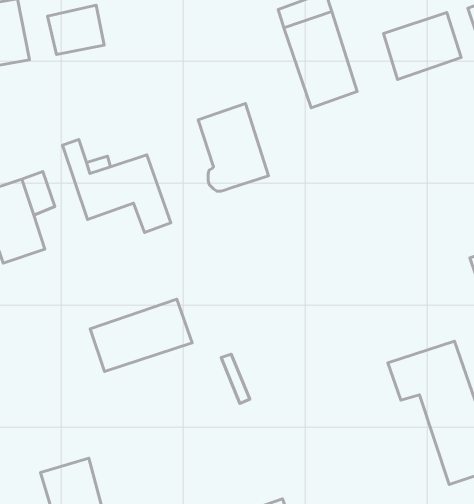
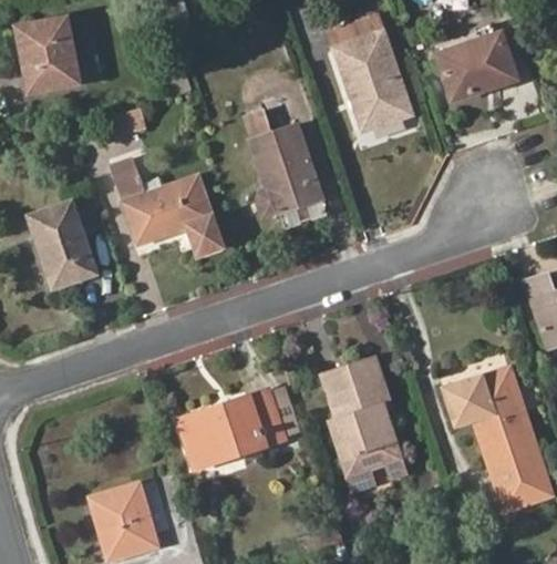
building: [47,5,104,55] -> none
building: [90,299,192,371] -> [180,393,283,466]
building: none -> [321,358,403,478]

